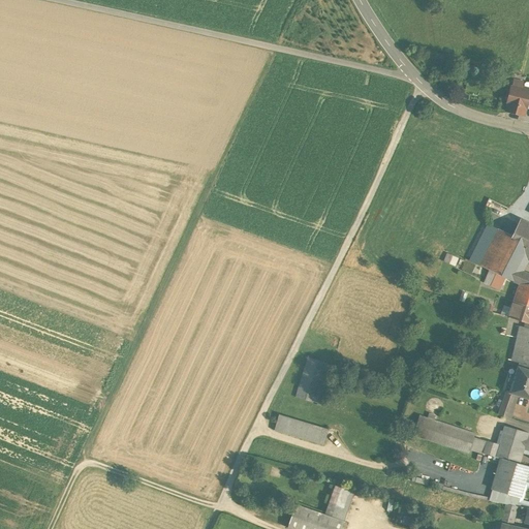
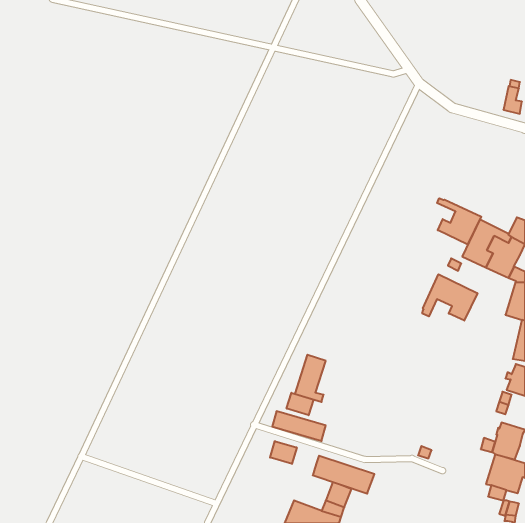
building: none -> [437,198,481,244]
building: none -> [422,274,477,321]
building: none -> [287,393,313,415]
building: [413,415,475,454] -> [313,456,374,494]
building: none -> [270,441,297,464]

